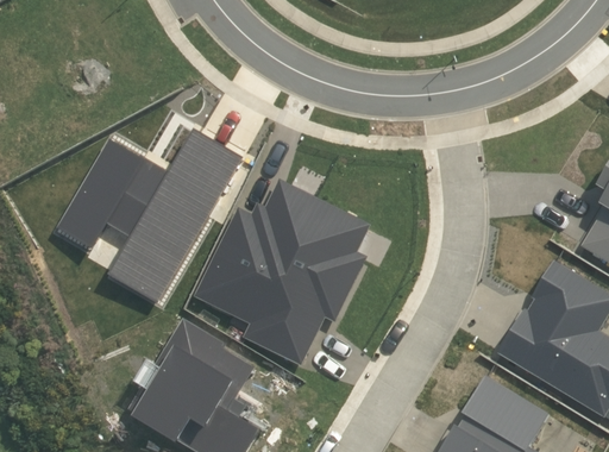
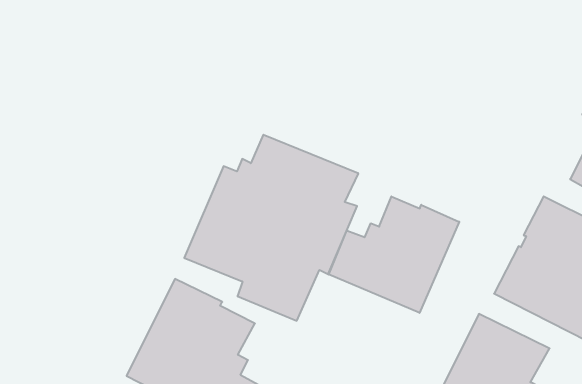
building: [57,126,243,302] -> none
building: none -> [329,196,459,313]

